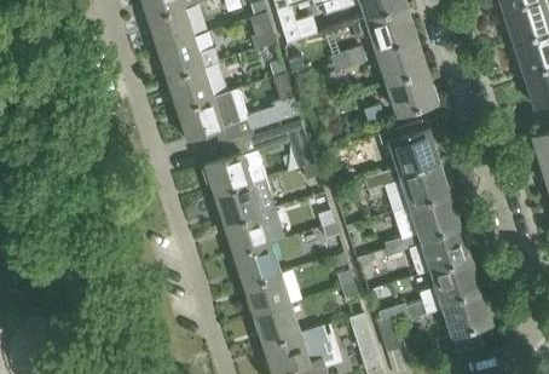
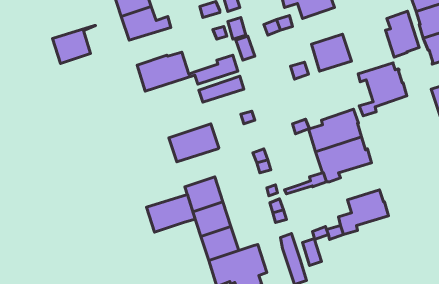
building: [377,38,426,82] -> none
building: none -> [385,11,419,57]
building: [167,62,219,108] -> [53,26,96,63]
building: [380,121,439,185] -> [358,63,407,116]
building: [206,153,266,196] -> none
building: [225,209,284,255] -> [146,194,195,232]
building: [410,226,470,275] -> none
building: [443,290,492,352] -> none

